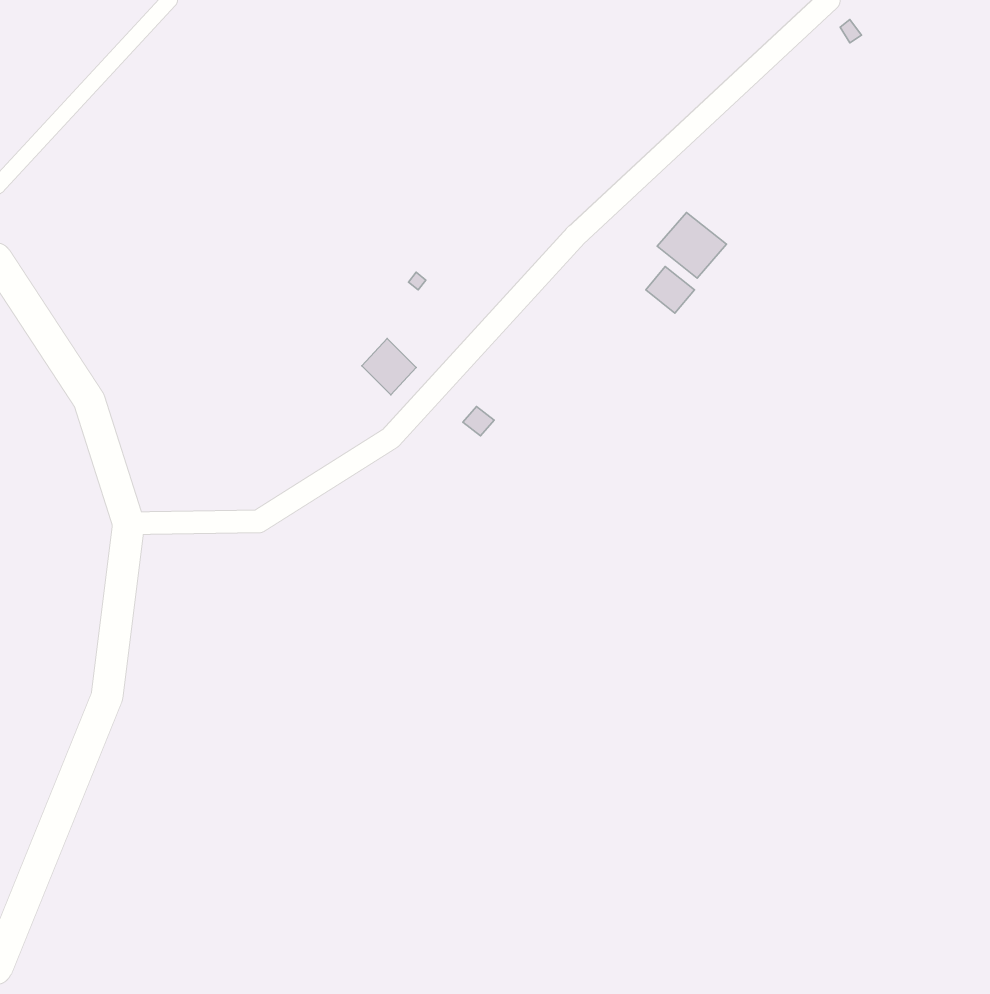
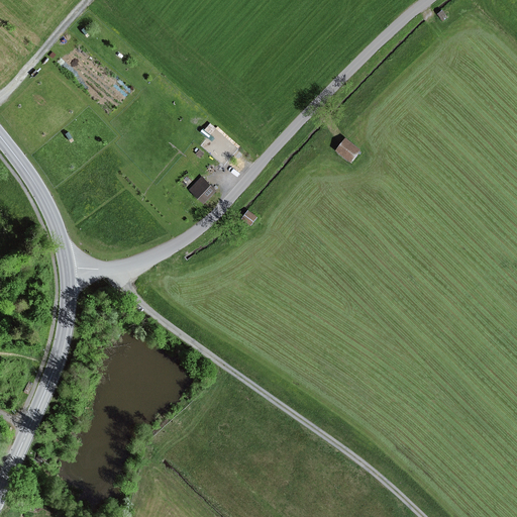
building: [657,212,726,278] -> none

